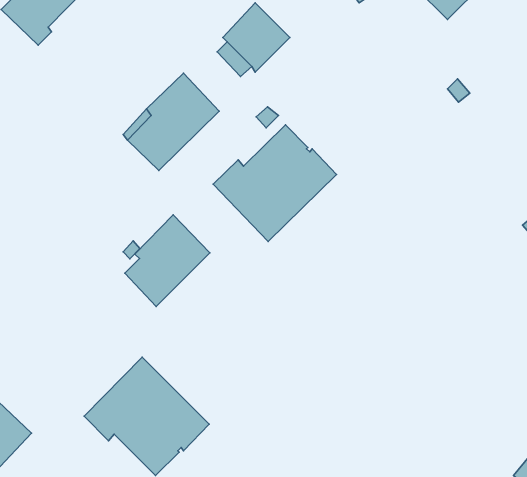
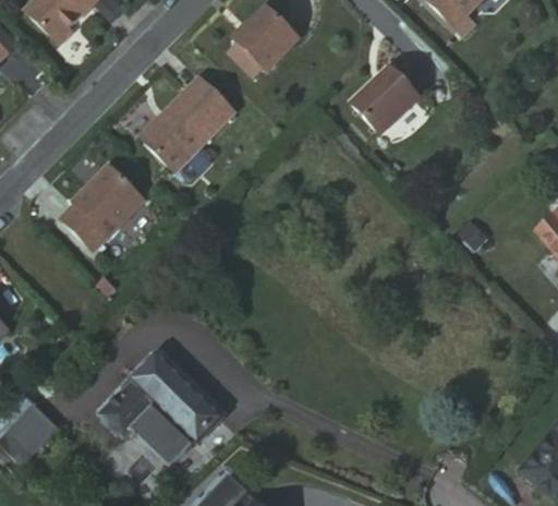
building: none -> [351,65,422,136]
building: [213,125,336,241] -> none
building: [125,215,210,307] -> [60,160,143,250]

